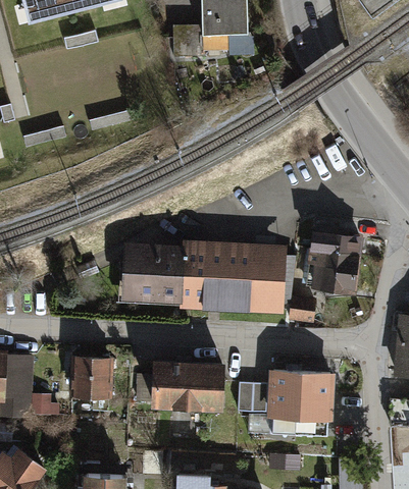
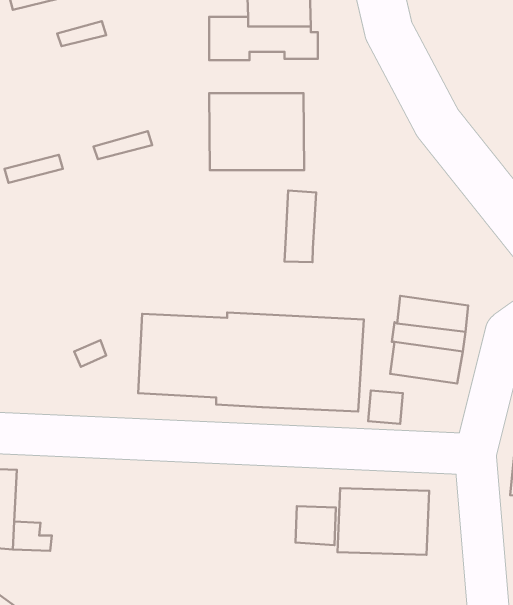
building: none -> [209,93,304,170]
building: none -> [285,191,316,262]
building: [69,357,109,397] -> none
building: [151,360,225,410] -> none

